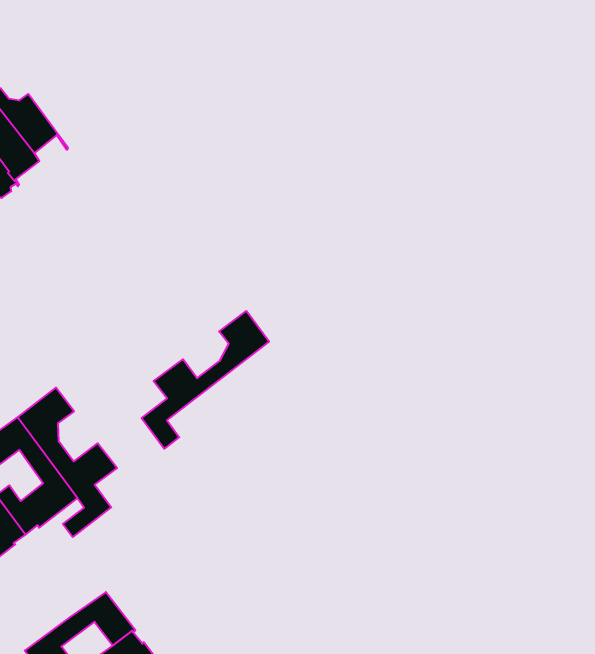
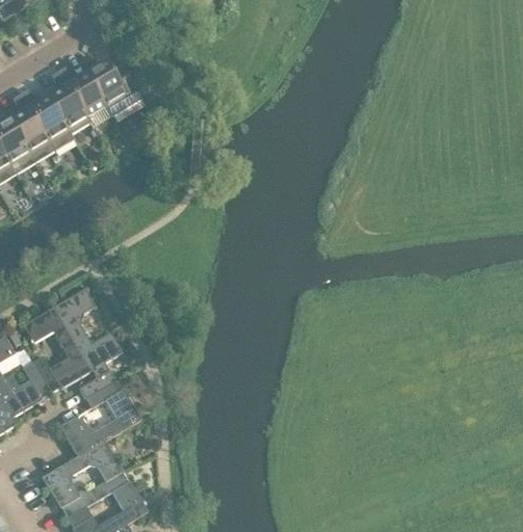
building: none -> [85,61,140,115]
building: [142,311,269,449] -> none
building: none -> [58,380,140,457]

